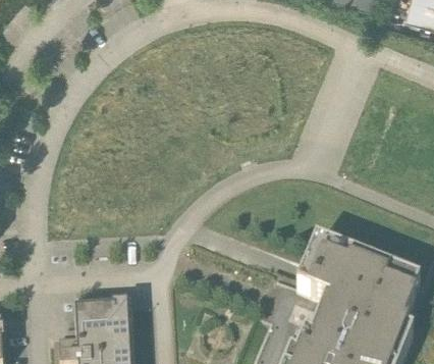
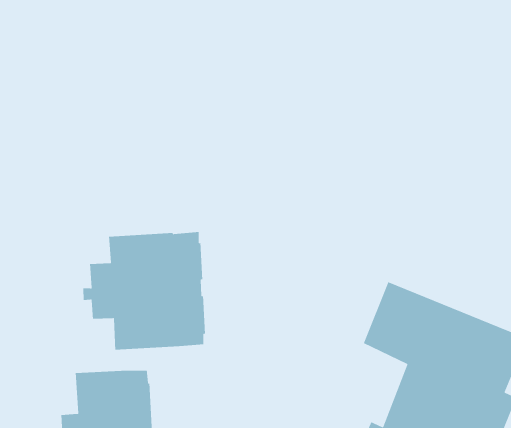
building: none -> [83,231,206,351]

